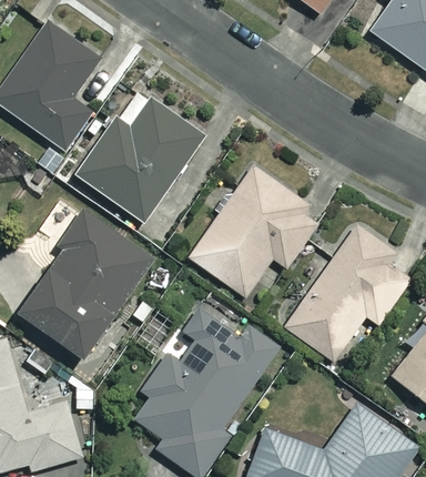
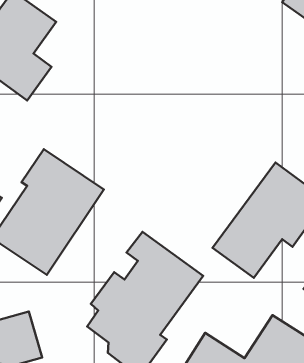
building: [77,100,203,221] -> none
building: [189,165,323,296] -> none

